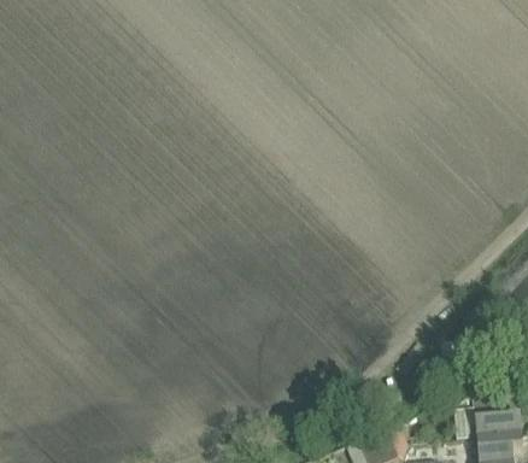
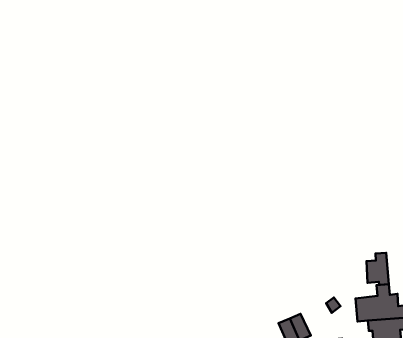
building: none -> [366,253,389,285]

